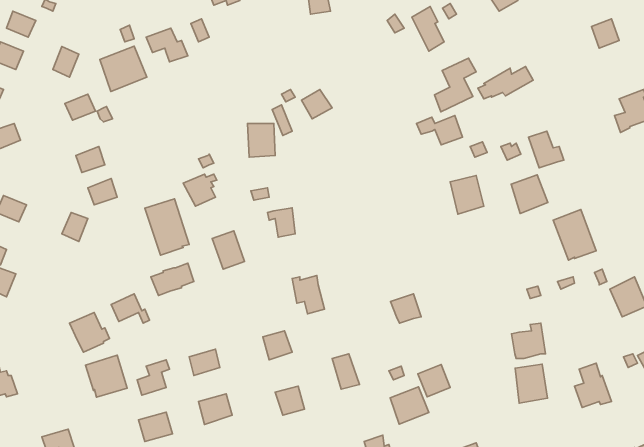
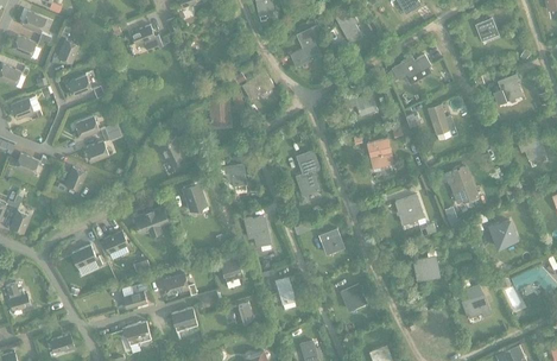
building: [100,46,147,92] -> none
building: [435,58,476,112] -> [289,25,321,66]
building: [511,175,548,213] -> [393,195,422,224]
building: none -> [295,150,318,195]
building: [145,199,189,255] -> none
building: [86,355,127,397] -> none
building: [515,364,547,403] -> none
building: [390,387,429,424] -> none

